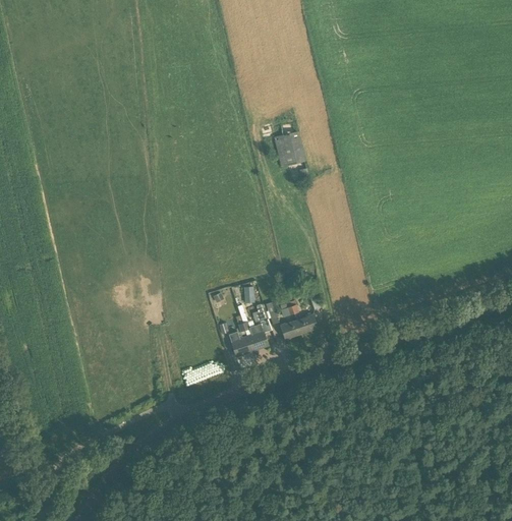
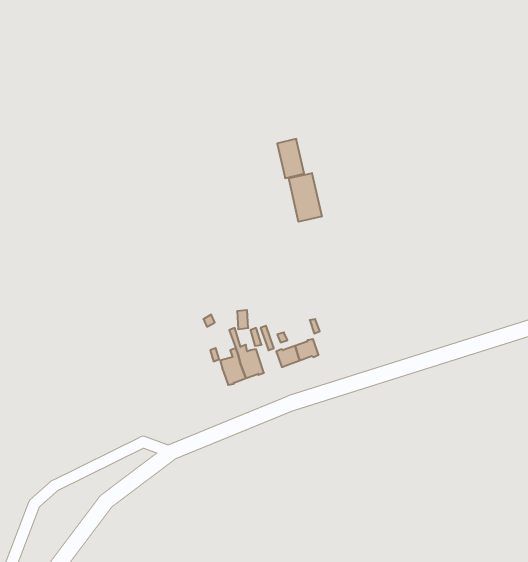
building: none -> [289,173,322,222]

